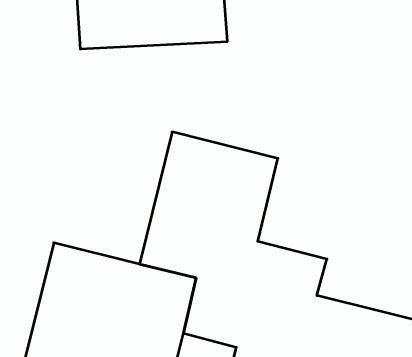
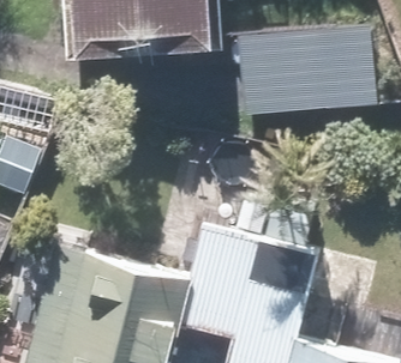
building: none -> [235,30,370,115]

